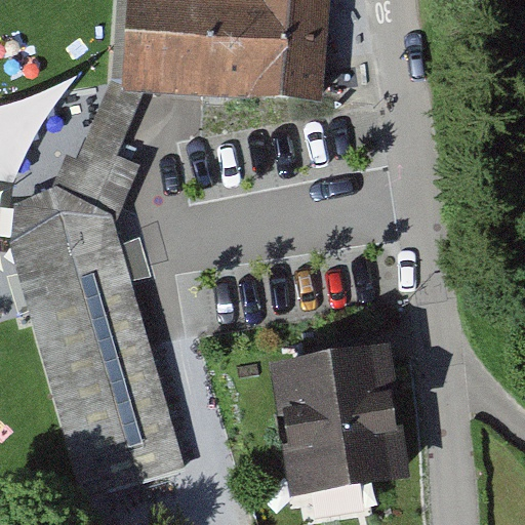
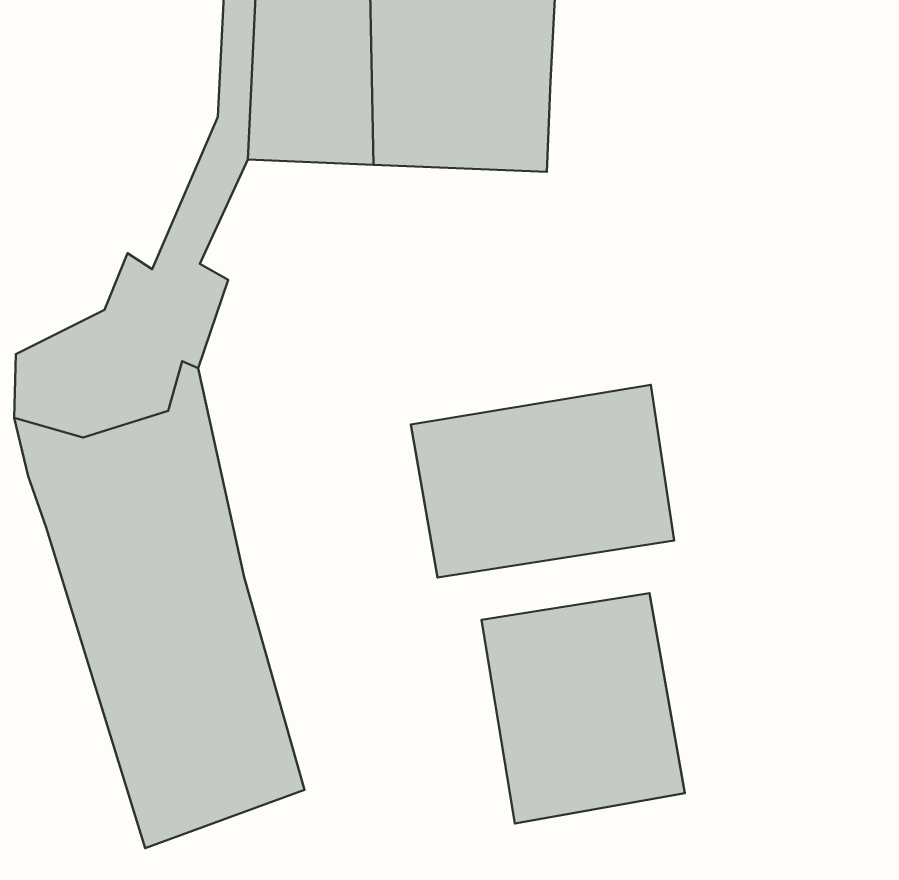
building: none -> [411,385,674,577]

